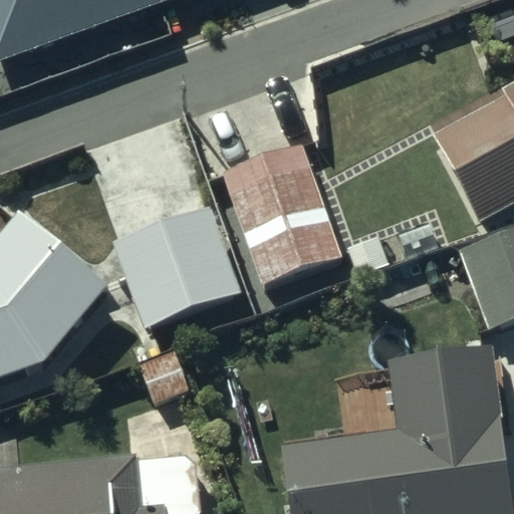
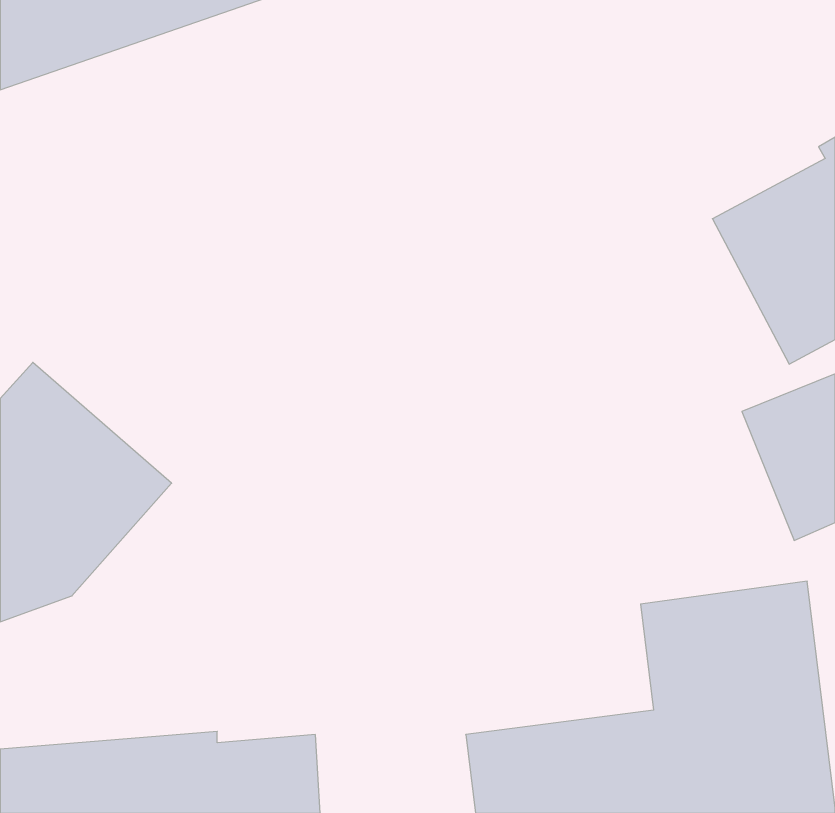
building: [222,137,342,281] -> none
building: [110,216,238,337] -> none

